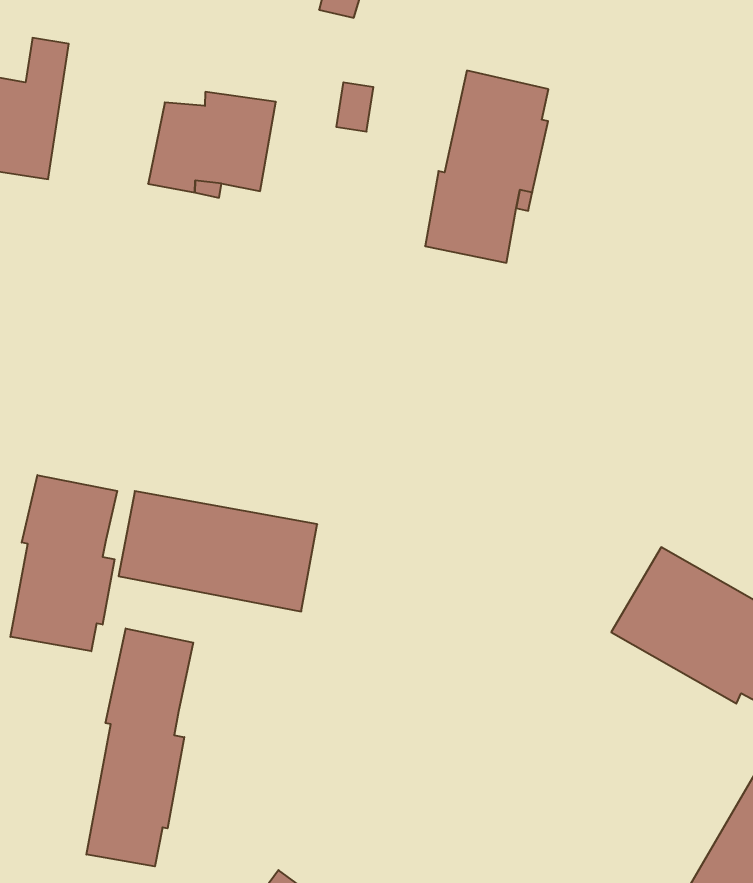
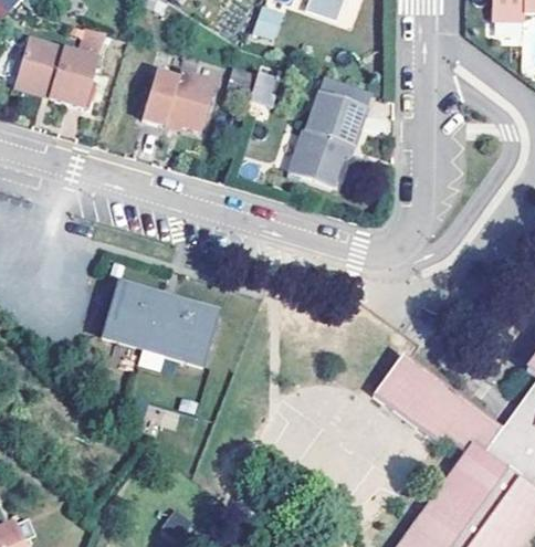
building: [10,475,117,651] -> none
building: [86,628,193,866] -> none

